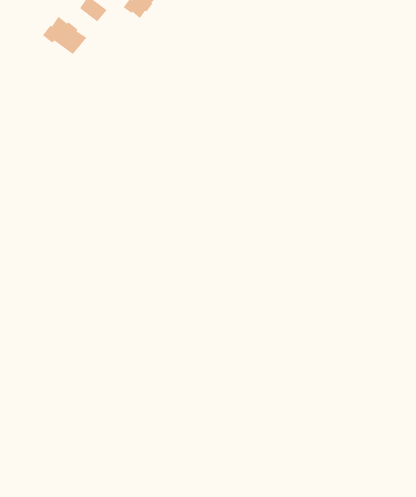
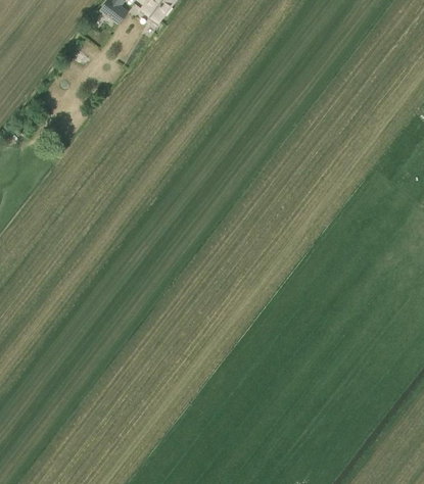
building: [42,16,87,55] -> none

